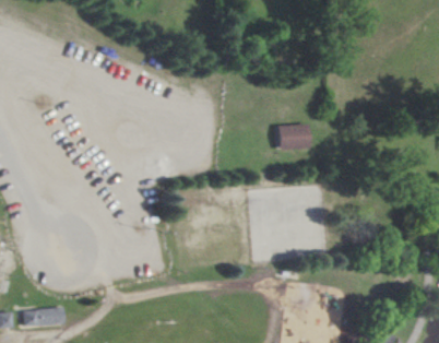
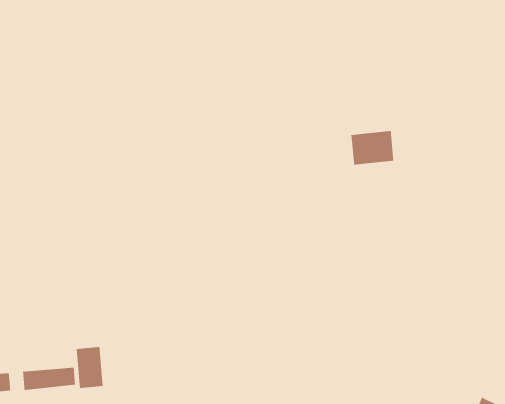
building: none -> [76,346,104,389]

